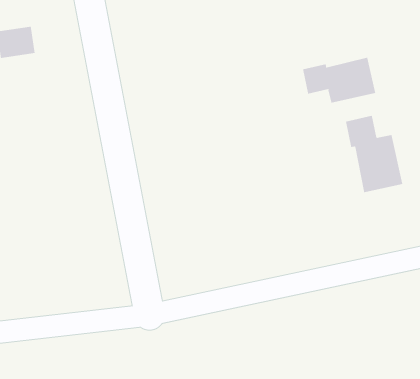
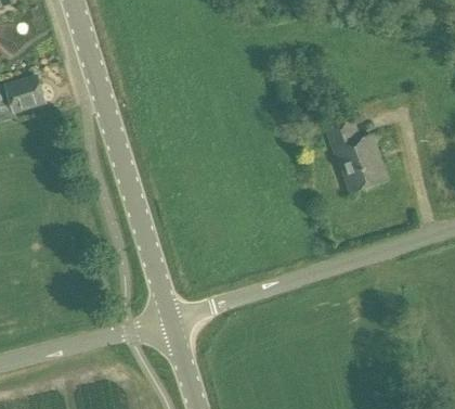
building: [303,57,376,103] -> none

